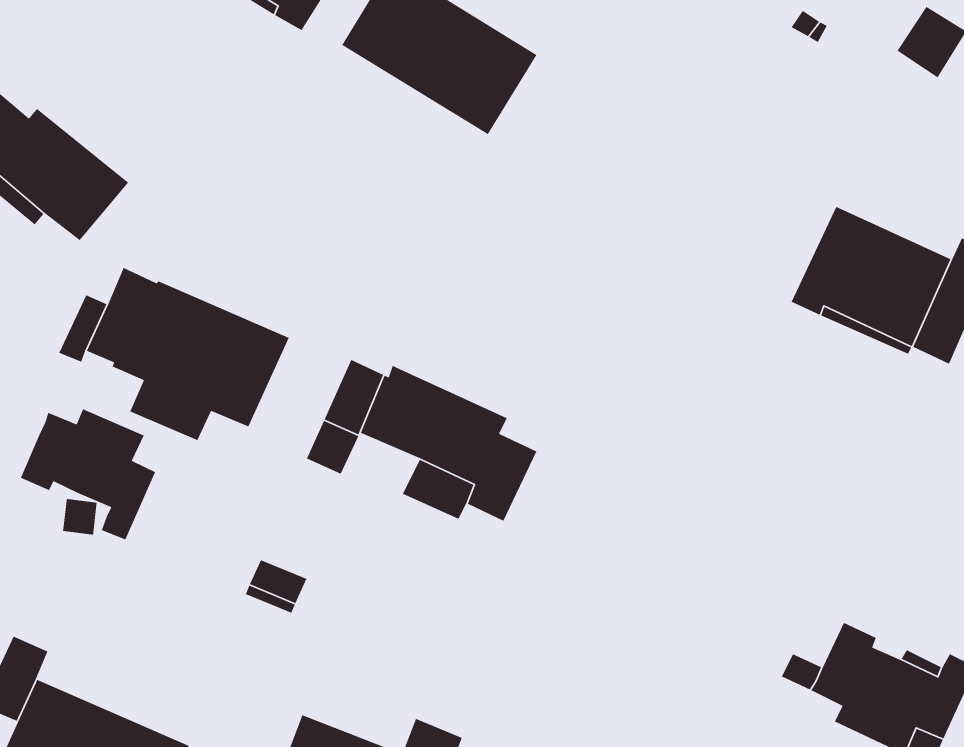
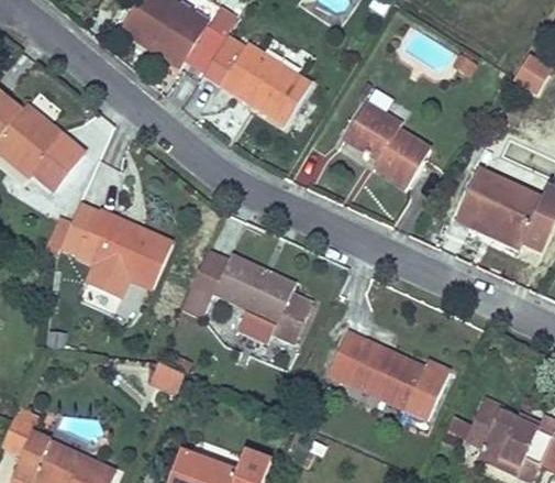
building: none -> [345,102,431,187]
building: [20,408,156,541] -> none
building: none -> [329,332,449,418]

